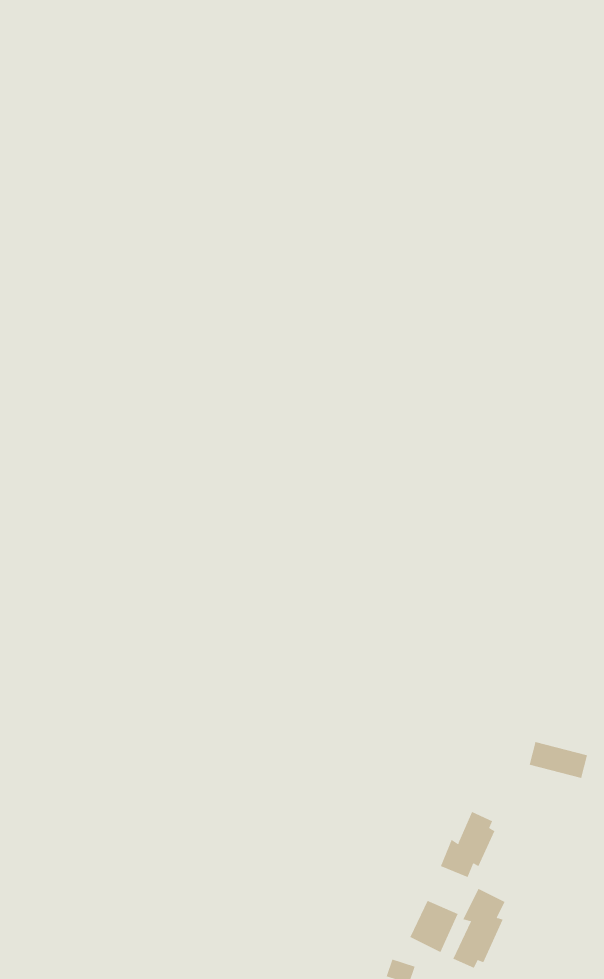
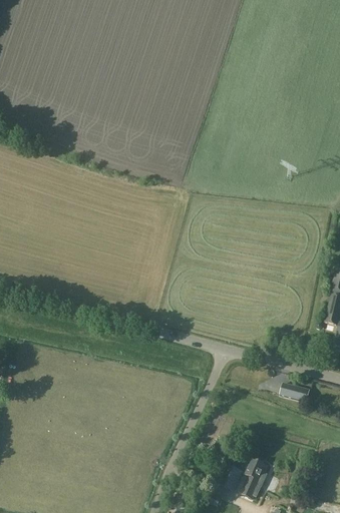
building: [440,811,495,878] -> none

